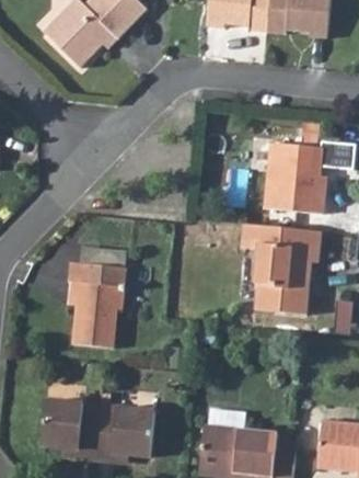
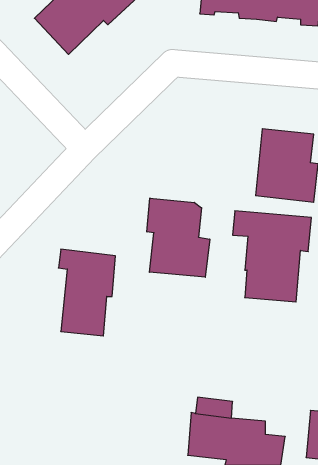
building: none -> [147,198,210,277]
building: [38,398,152,460] -> none

